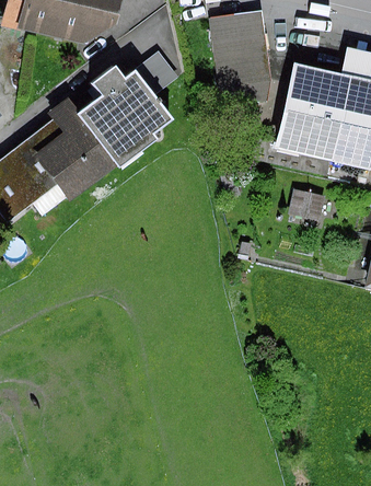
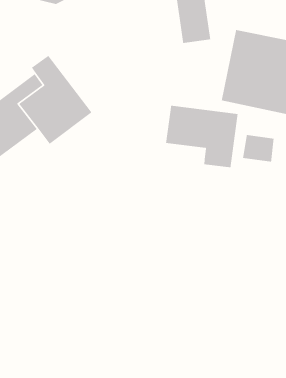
building: [84,62,178,166] -> none
building: none -> [165,105,238,168]

